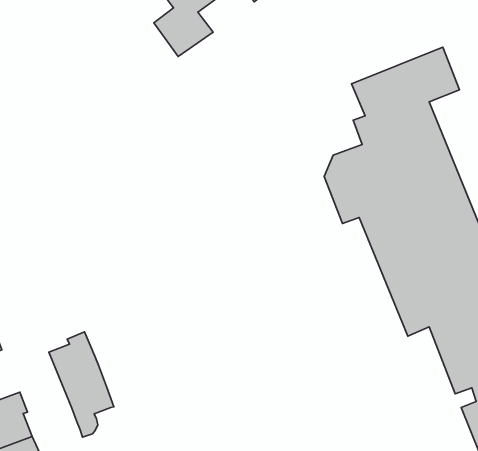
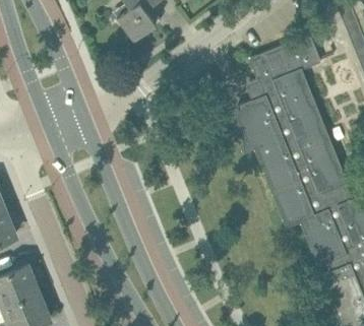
building: [49,332,114,437] -> none

